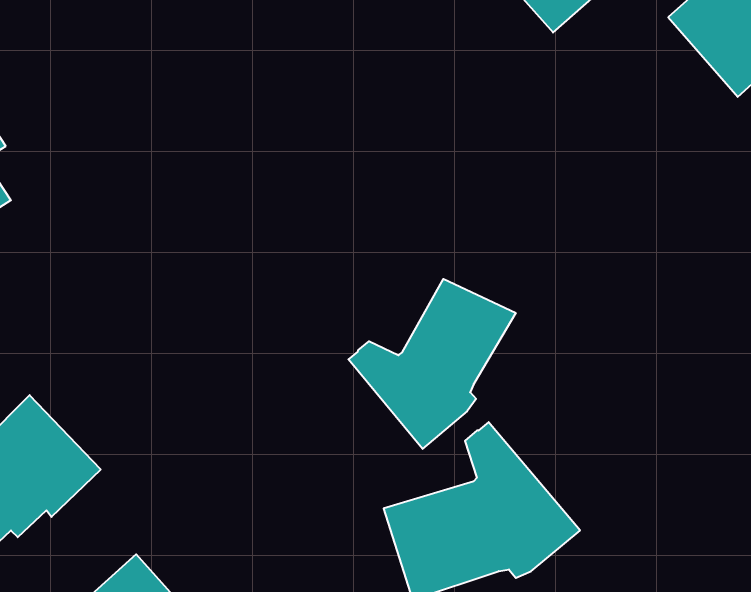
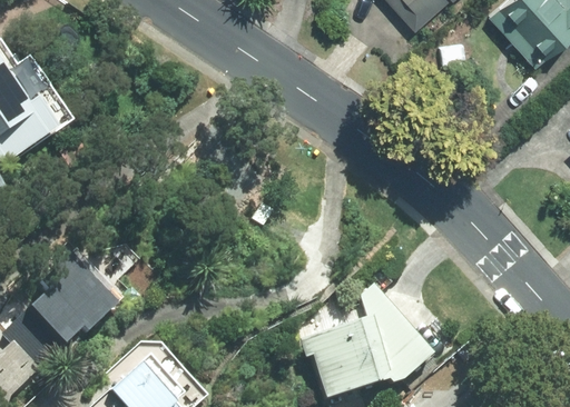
building: [348,279,516,449] -> none

